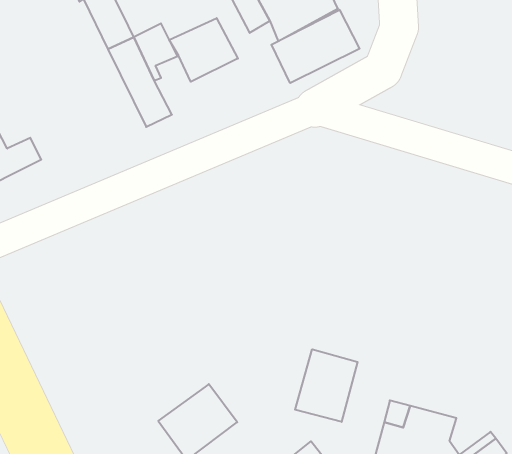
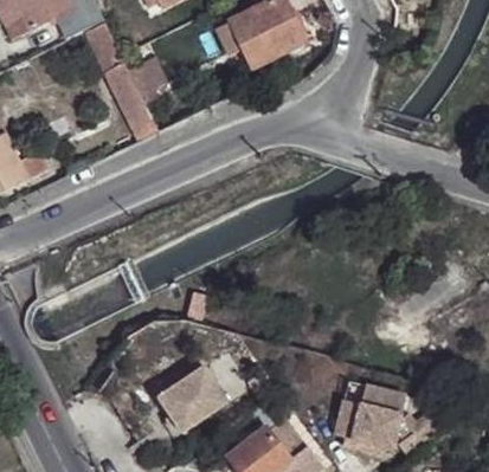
building: [271,10,360,83] -> none
building: [169,18,238,82] -> none
building: [295,349,358,422] -> none

